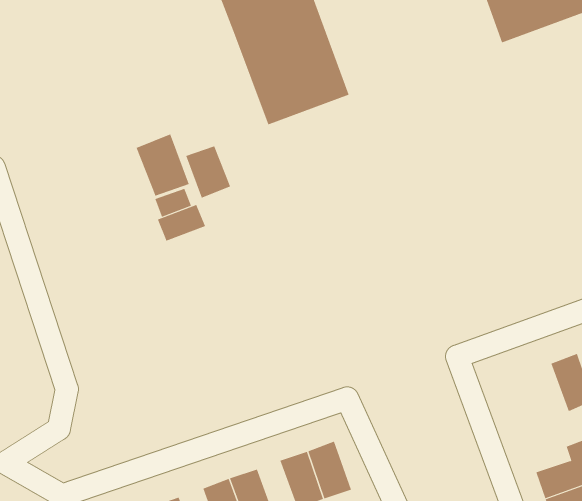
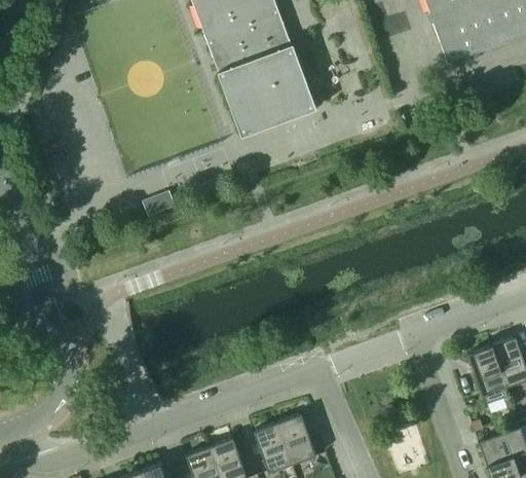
building: [136,134,190,196] -> none
building: [185,145,231,198] -> none
building: [157,204,206,241] -> none
building: none -> [468,345,512,405]

